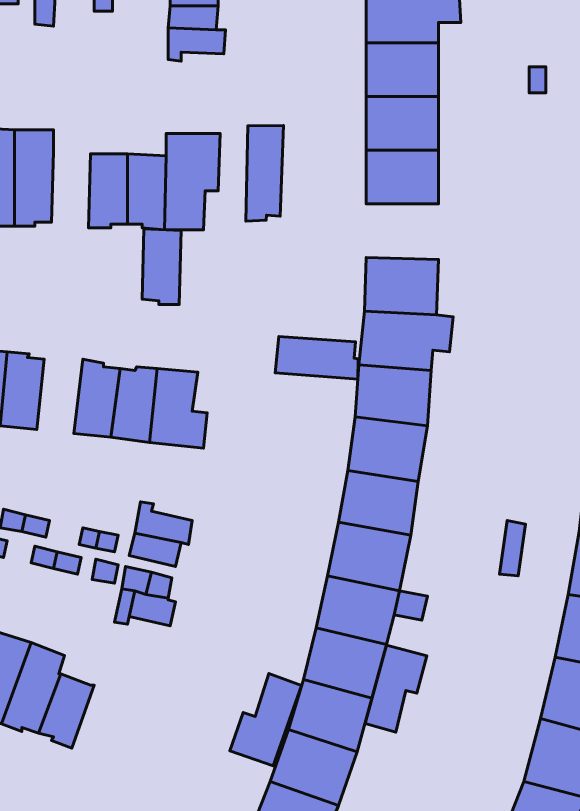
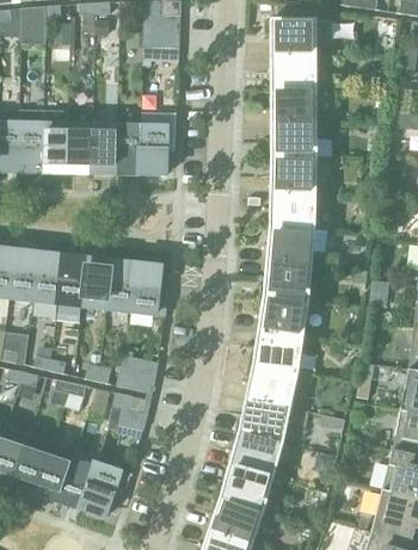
building: [246,126,283,221] -> none
building: none -> [270,157,316,193]
building: [142,229,181,305] -> [67,124,92,173]
building: [275,336,358,379] -> none
building: none -> [57,257,87,305]
building: [365,645,427,732] -> none
building: [230,674,302,766] -> none
building: none -> [80,463,130,517]

